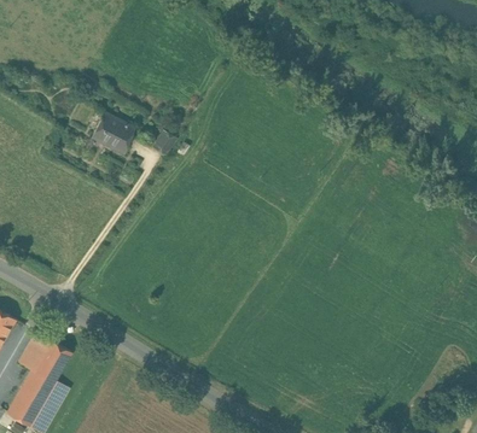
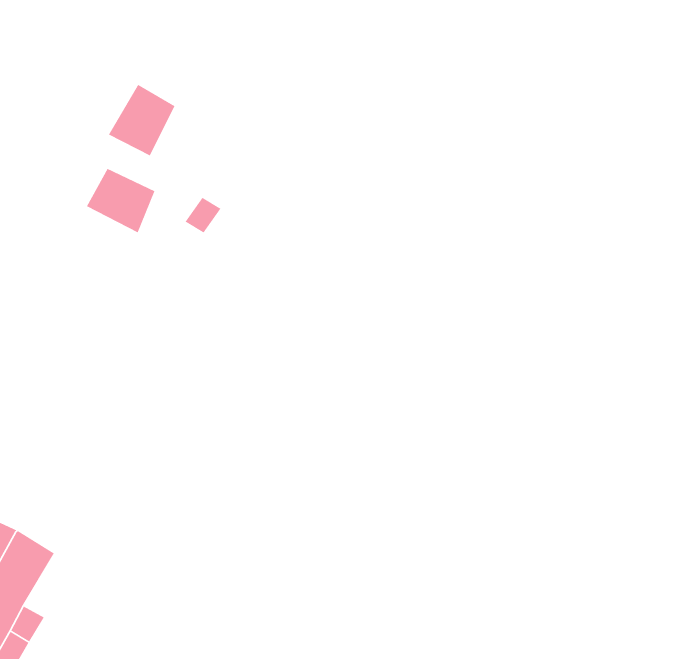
building: none -> [108,84,175,157]

